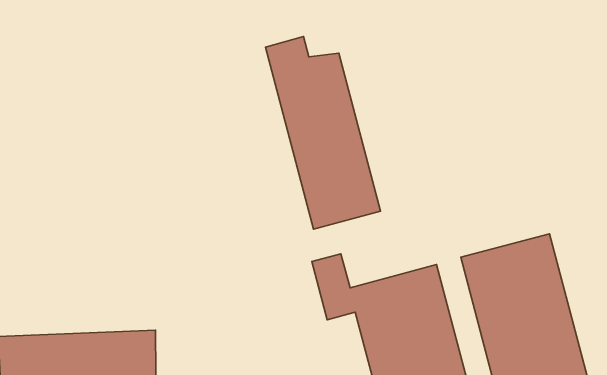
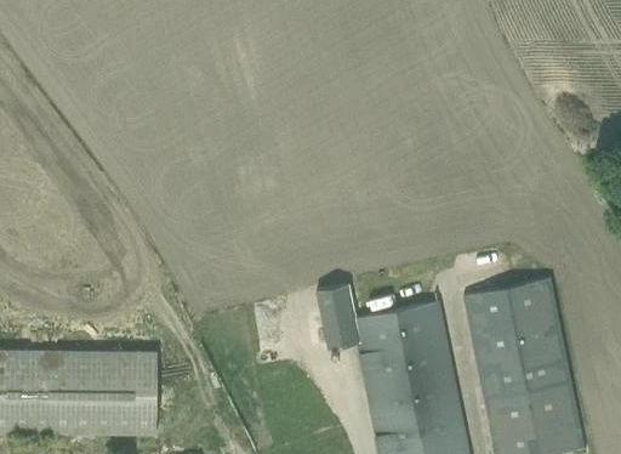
building: [265,36,380,229] -> none

